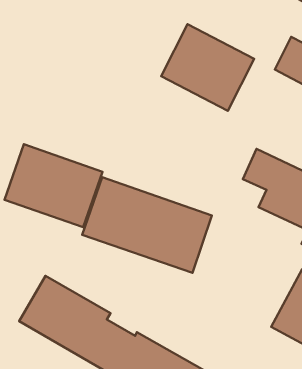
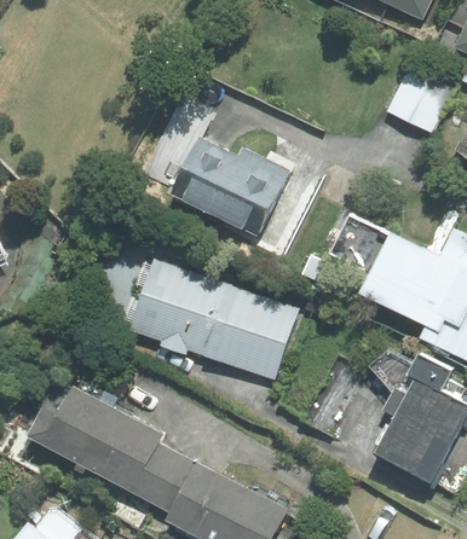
building: [161,24,254,111] -> [168,124,292,239]
building: [5,144,102,227] -> none

